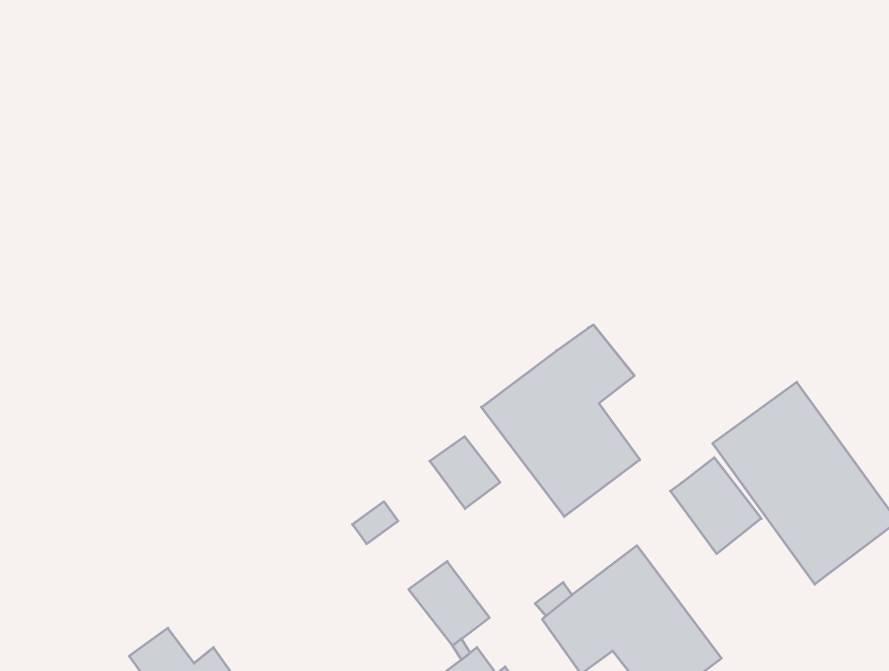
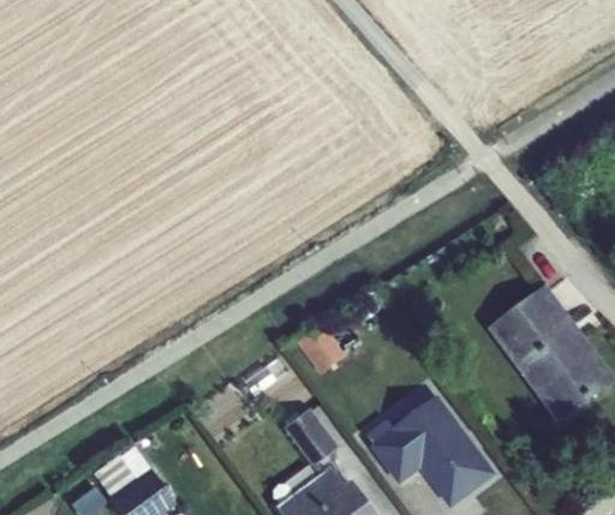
building: [481,325,640,517] -> none
building: [670,458,761,554] -> none

